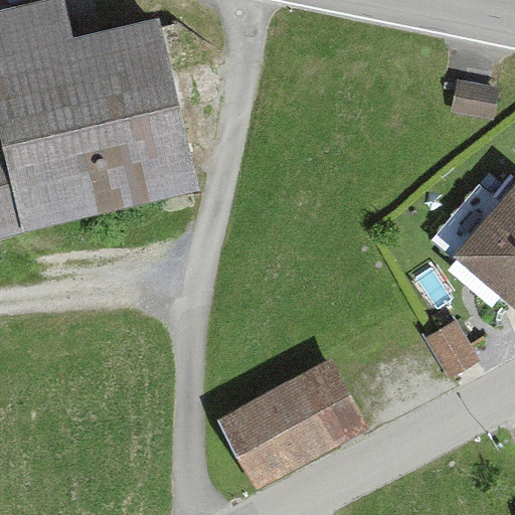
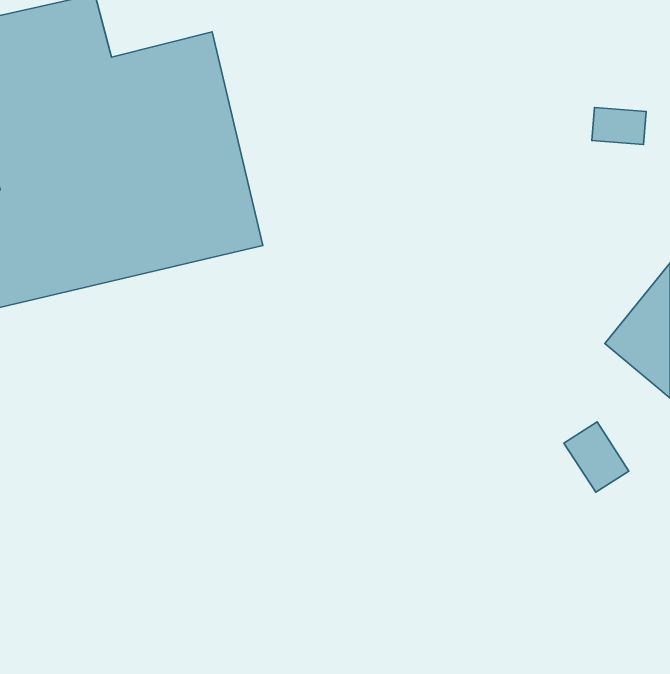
building: [217,362,362,484] -> none

